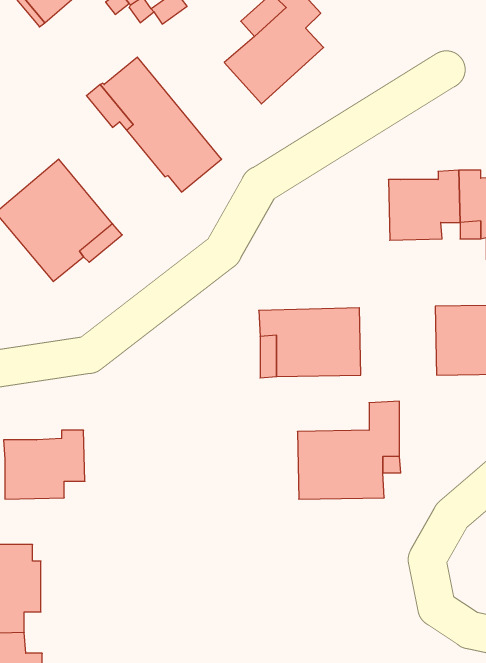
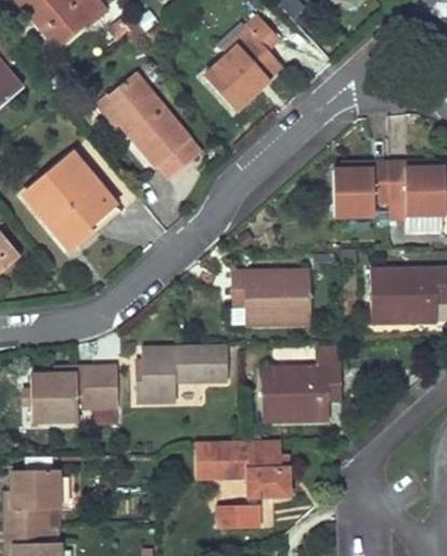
building: none -> [136,345,228,401]
building: none -> [93,365,118,406]
building: none -> [195,441,290,496]
building: none -> [218,504,259,528]

